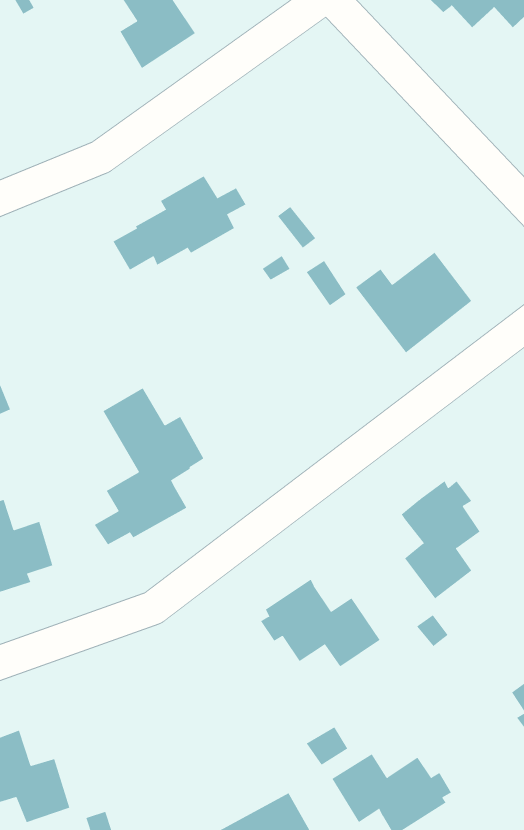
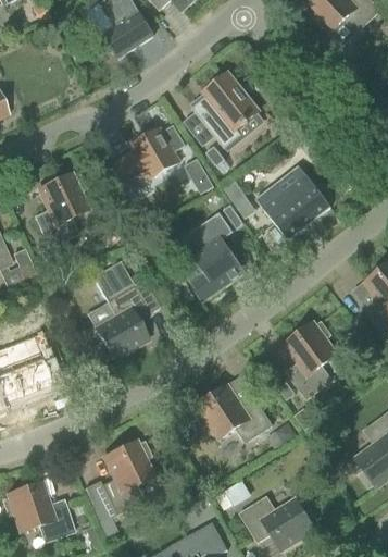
building: none -> [191,71,259,147]
building: none -> [35,172,87,246]
building: none -> [180,211,246,301]
building: none -> [86,440,152,536]

